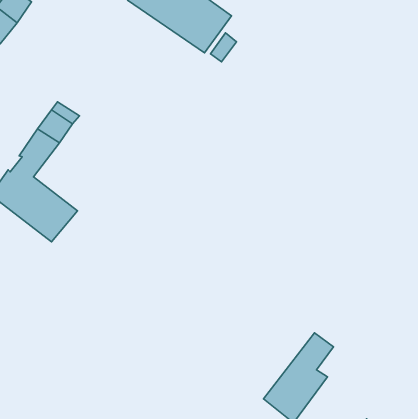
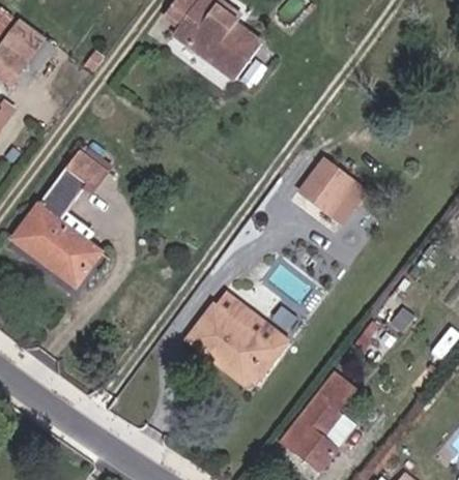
building: none -> [297,168,364,231]
building: none -> [190,292,289,380]

